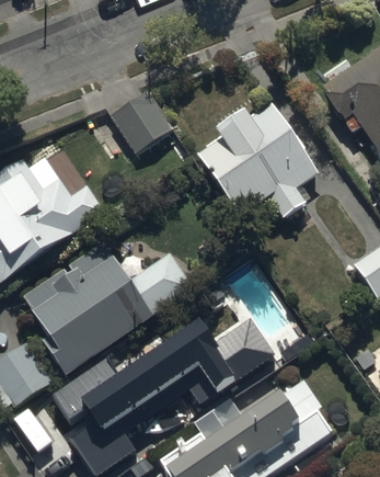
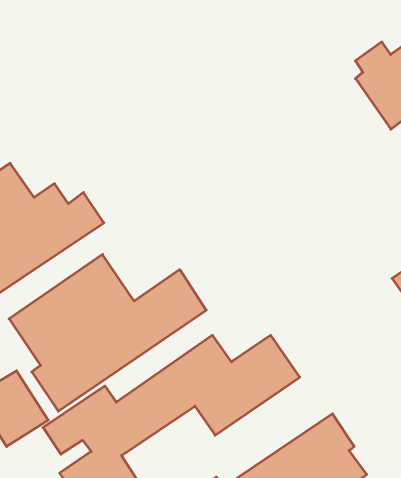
building: [111,91,171,152] -> none
building: [198,105,319,219] -> none

